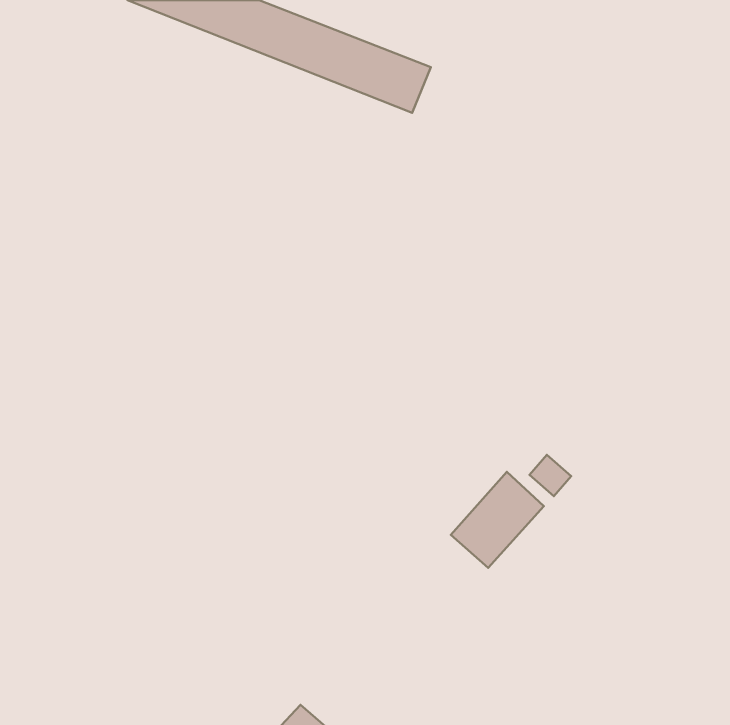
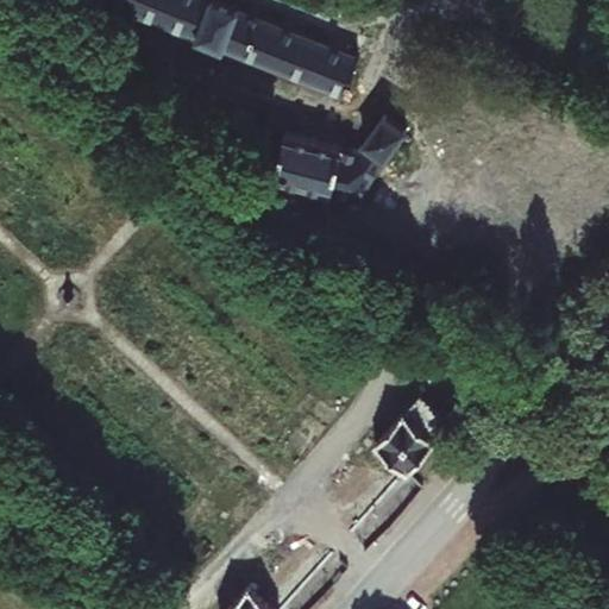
building: none -> [272,109,406,203]

